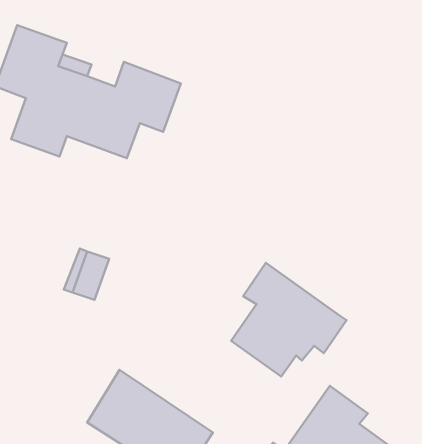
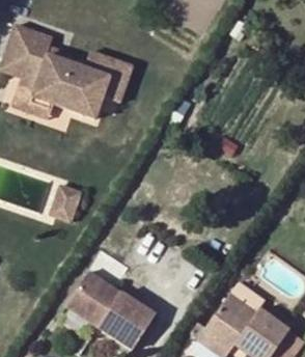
building: [231,263,346,377] -> none

